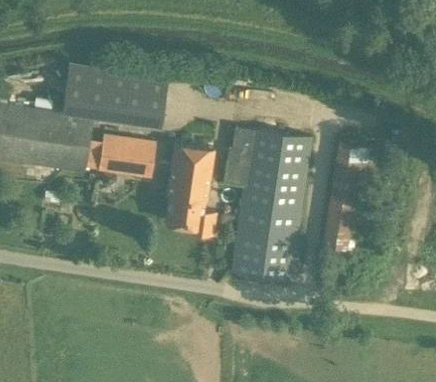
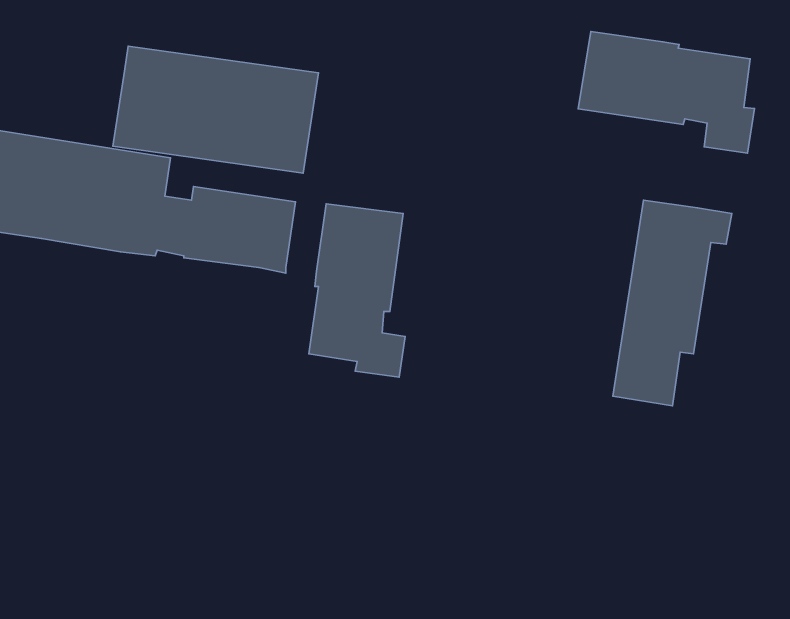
building: none -> [578,32,754,153]
building: [225,126,312,279] -> none

